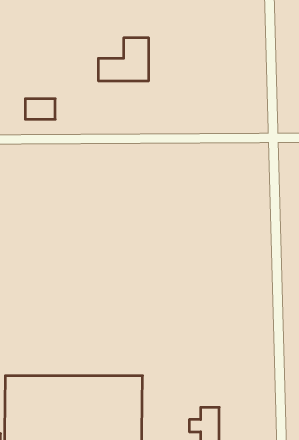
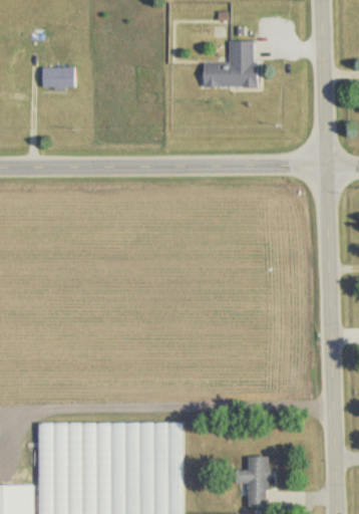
building: [98,38,149,81] -> [203,42,257,88]
building: [25,99,55,119] -> [42,68,74,90]

